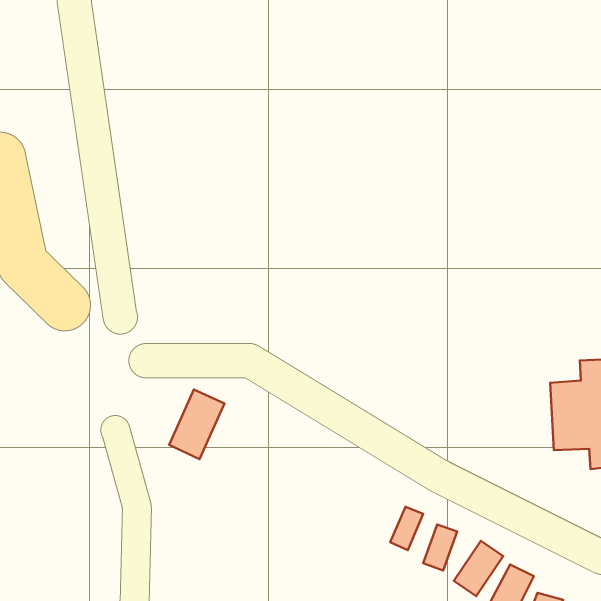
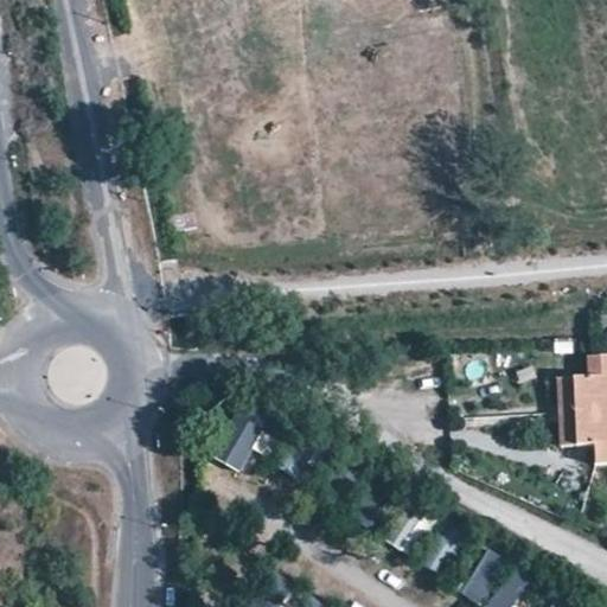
building: [169,389,224,459] -> [213,403,269,473]

